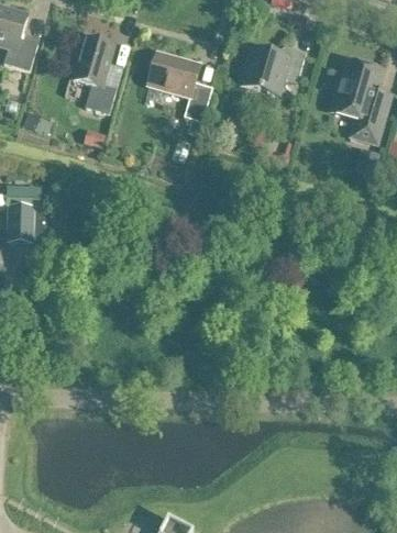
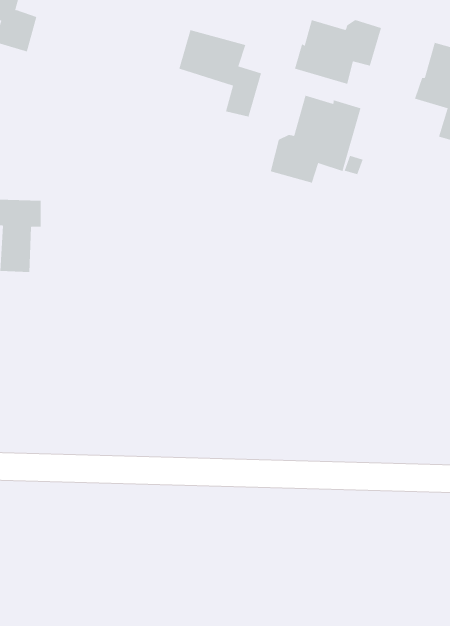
building: [73,35,118,112] -> none
building: none -> [270,95,361,183]

